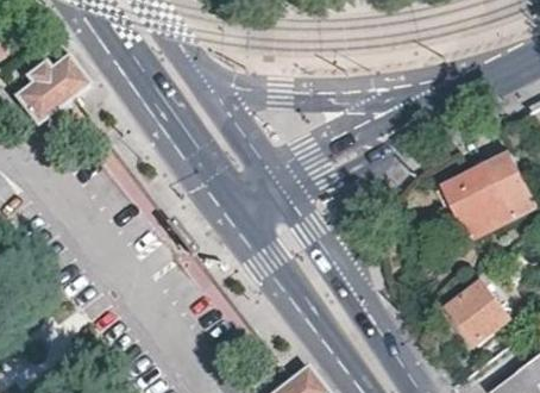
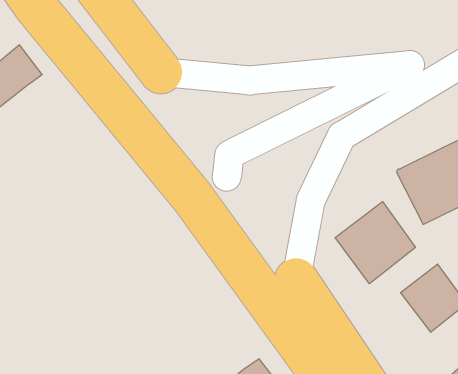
building: none -> [335,202,415,284]

